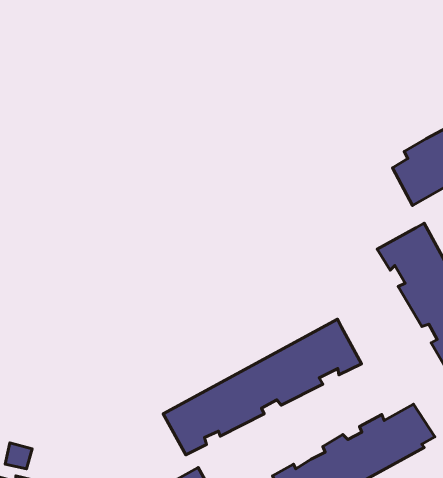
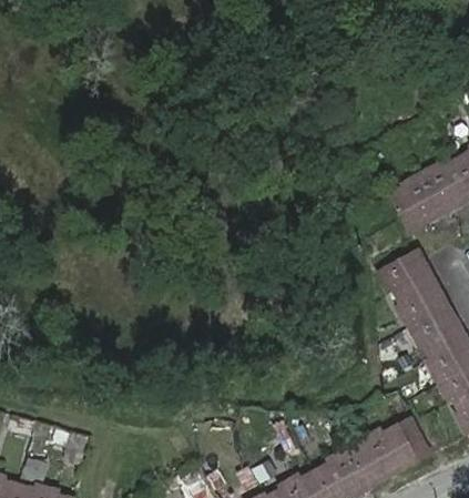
building: [163,319,361,455] -> none

